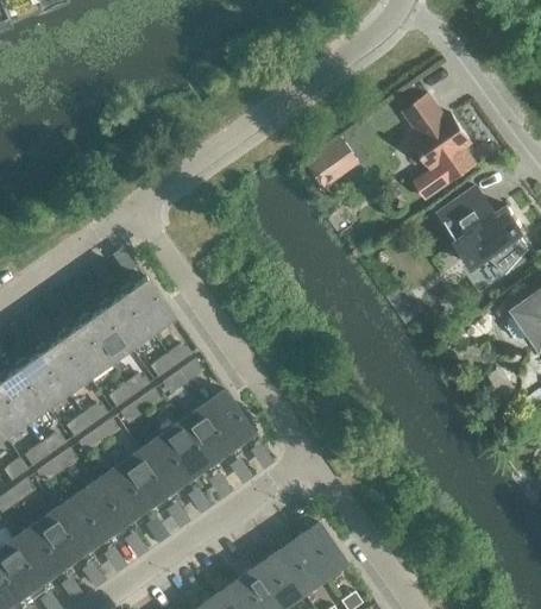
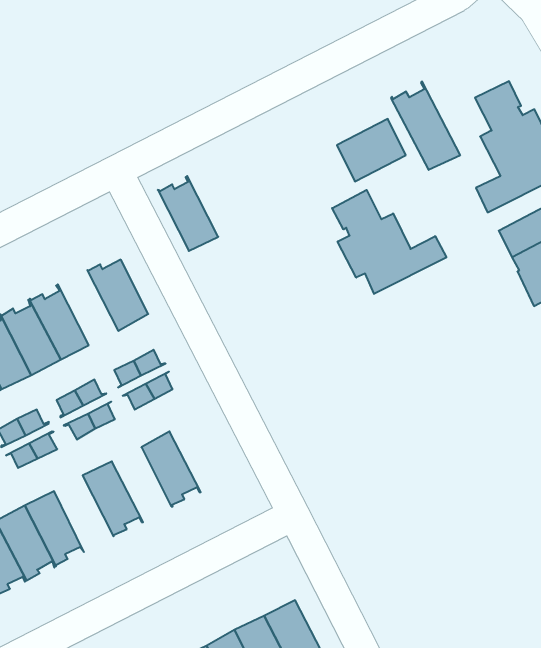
building: none -> [391,81,460,170]
building: none -> [332,190,446,294]
building: [99,289,151,347] -> [158,176,218,251]
building: [202,390,252,450] -> none
building: [161,421,212,479] -> none
building: [119,450,170,509] -> none

